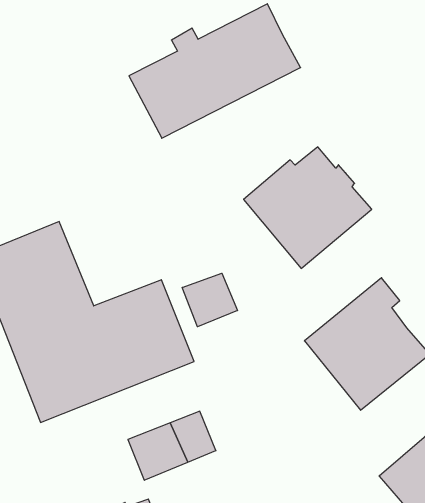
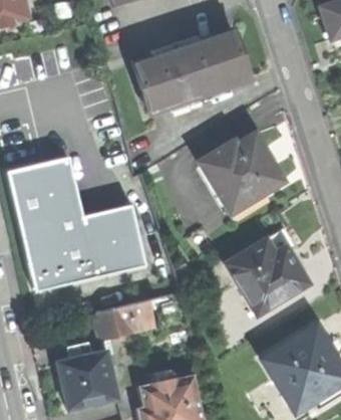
building: [182,273,237,327] -> none

